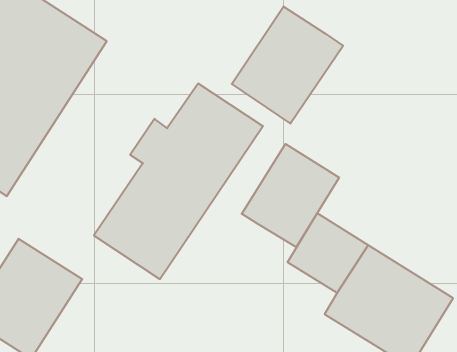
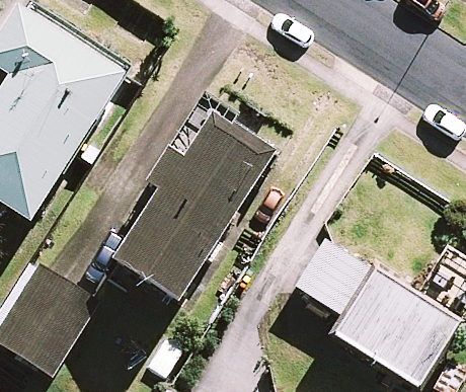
building: [232,6,343,124] -> none
building: [242,144,339,247] -> none

